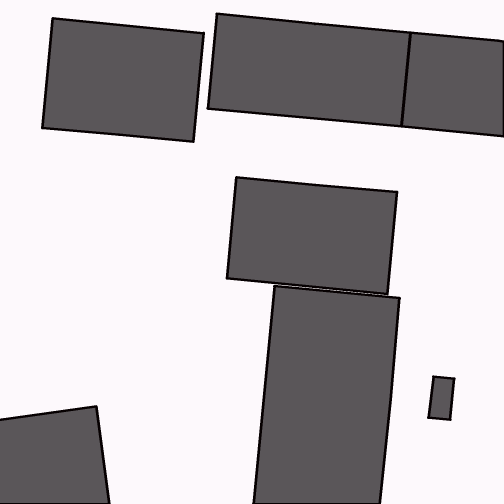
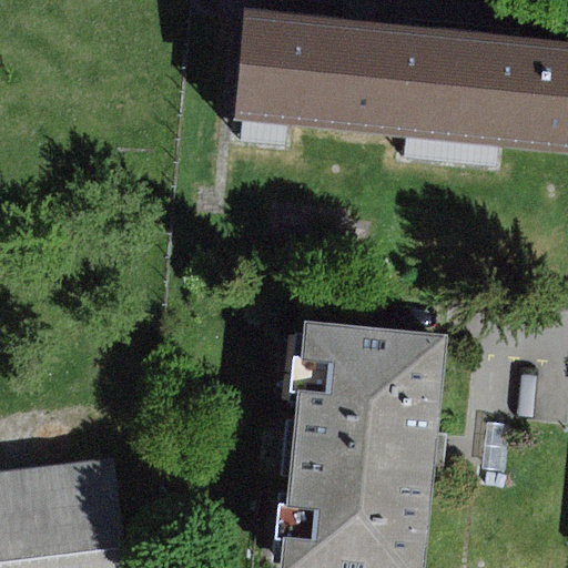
building: [42,18,204,142] -> none
building: [227,177,397,294] -> none

